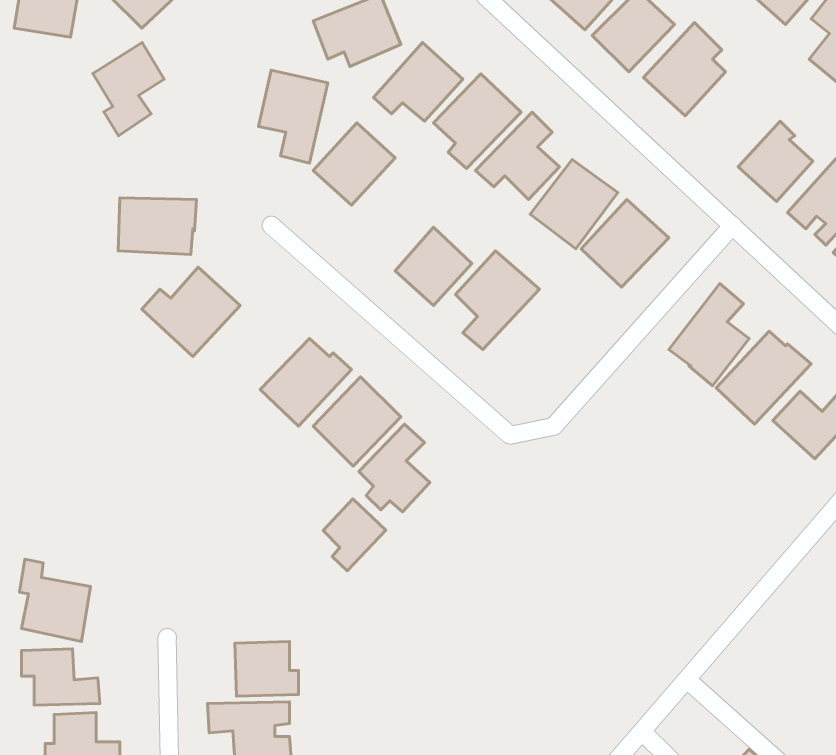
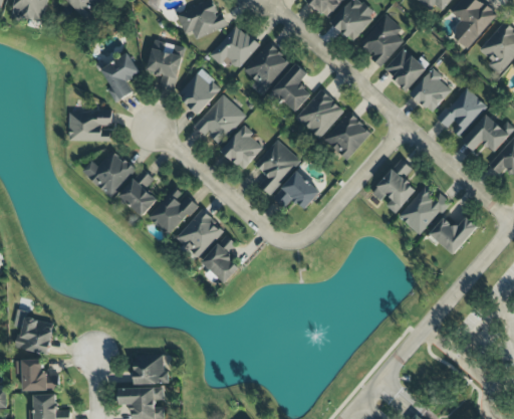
building: [93,43,164,136] -> [101,52,141,103]
building: none -> [384,47,427,90]
building: none -> [195,94,246,146]
building: none -> [119,169,158,216]
building: none -> [272,171,320,210]
building: [323,499,386,571] -> none

